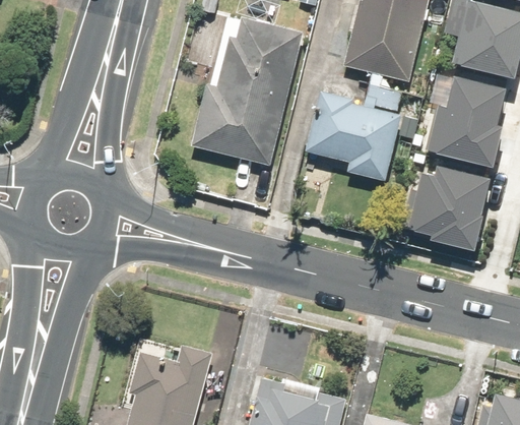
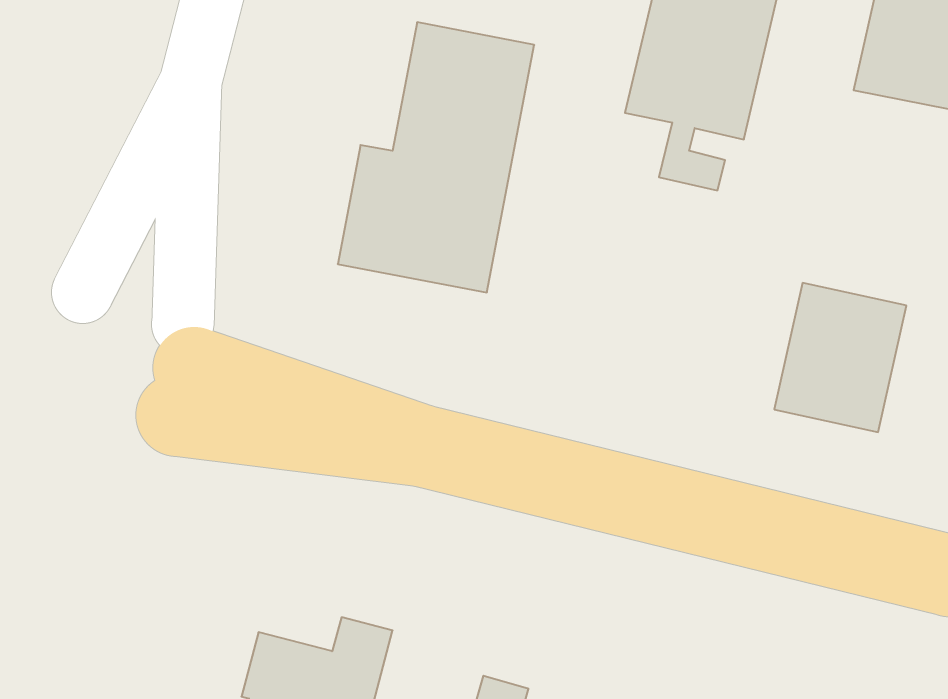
building: [441,70,509,161] -> none
building: [301,96,395,186] -> none

